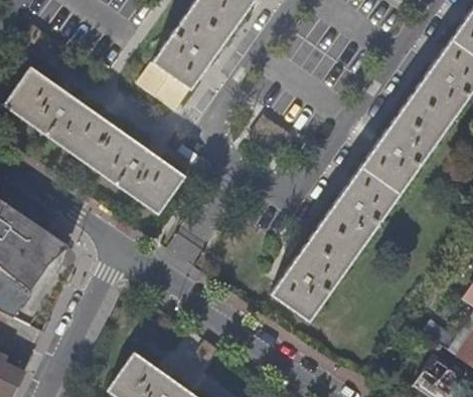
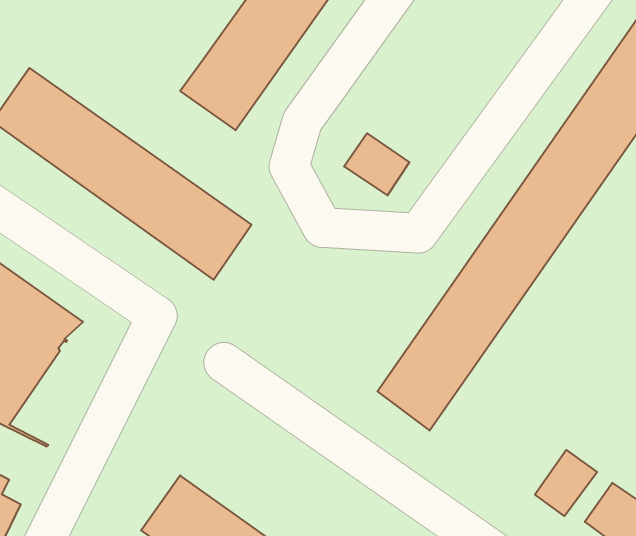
building: none -> [535,450,597,516]

